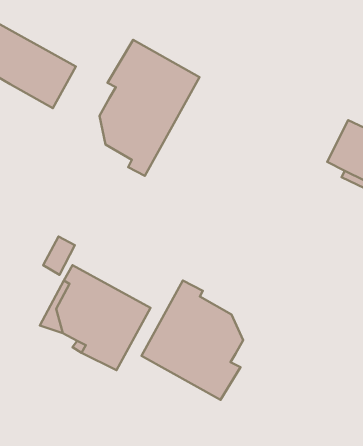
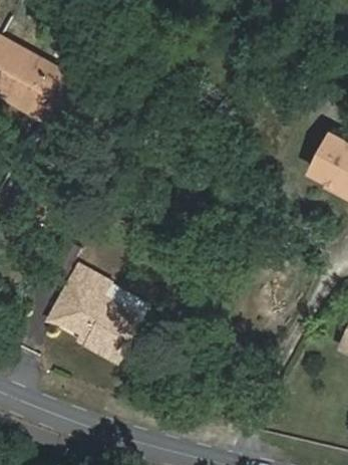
building: [99,40,200,176] -> none
building: [141,280,243,400] -> none

